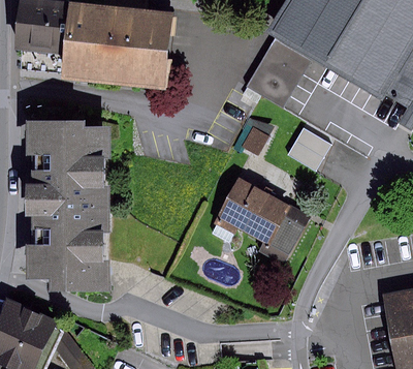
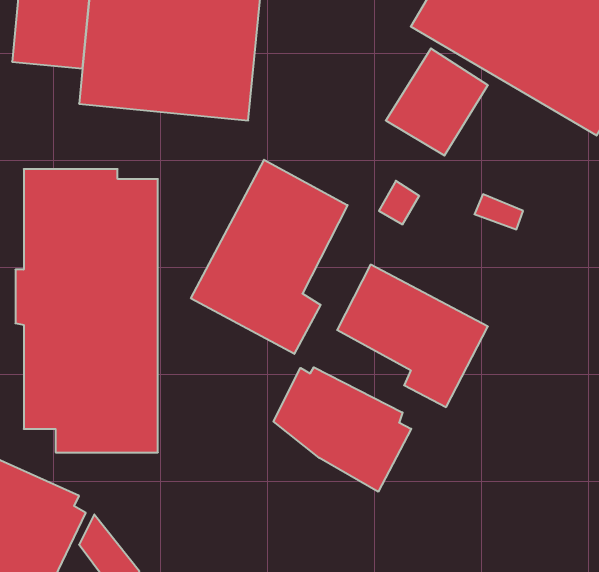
building: none -> [191,160,348,354]
building: none -> [273,367,411,492]

